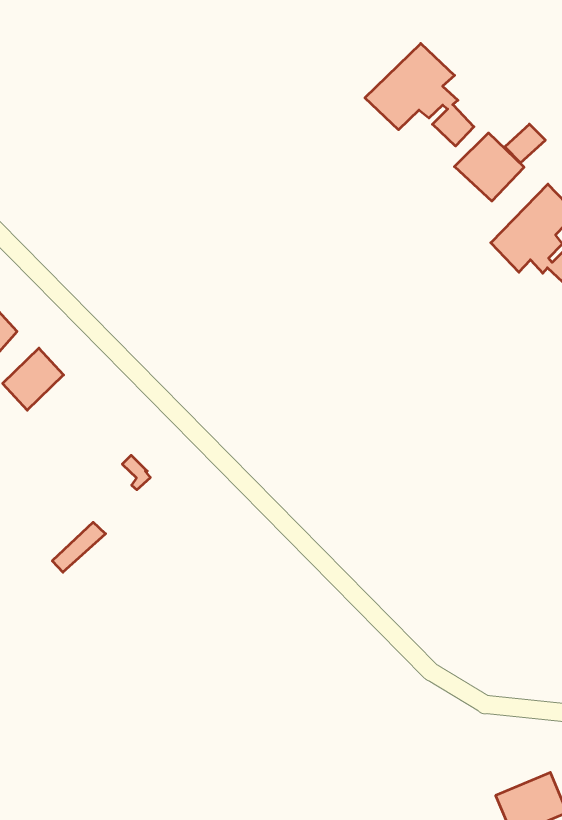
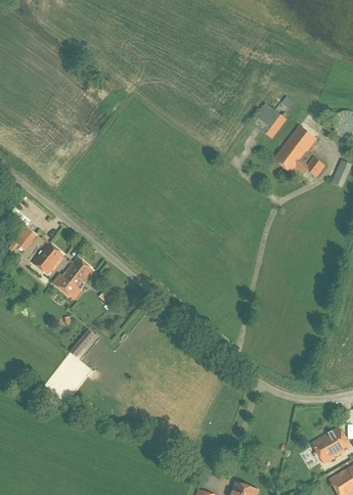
building: [365,43,474,146] -> none
building: none -> [52,257,93,300]

